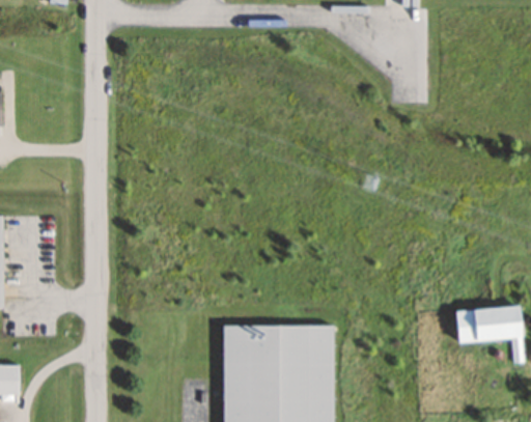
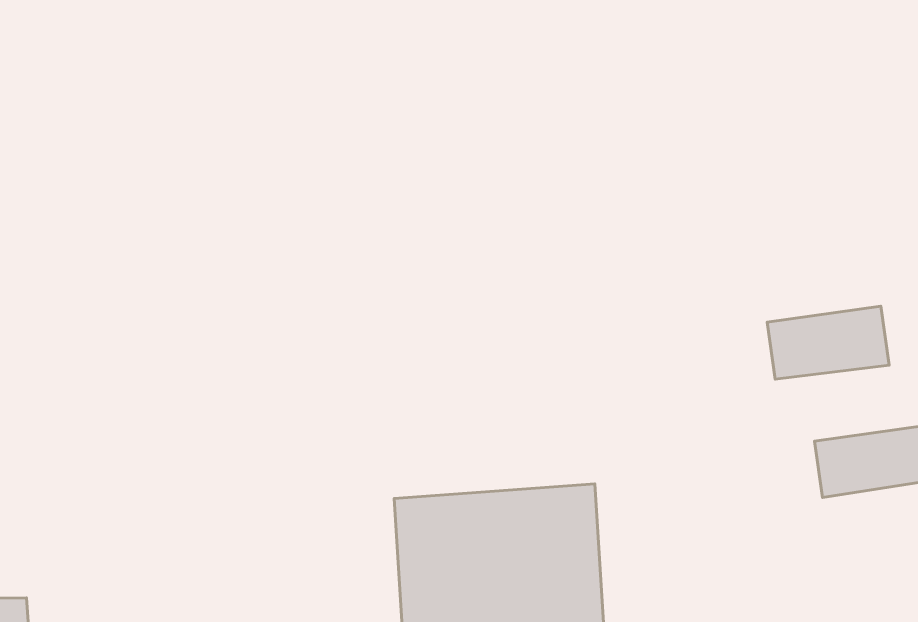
building: none -> [767,306,889,379]

